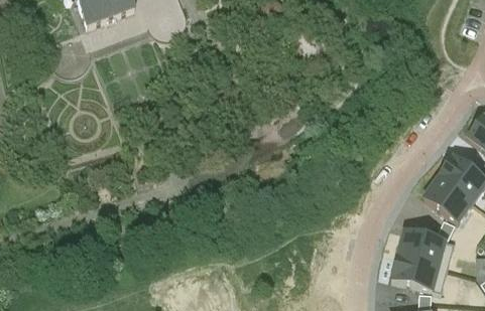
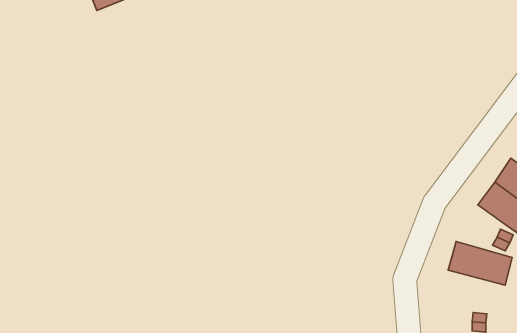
building: [391,254,448,291] -> none

